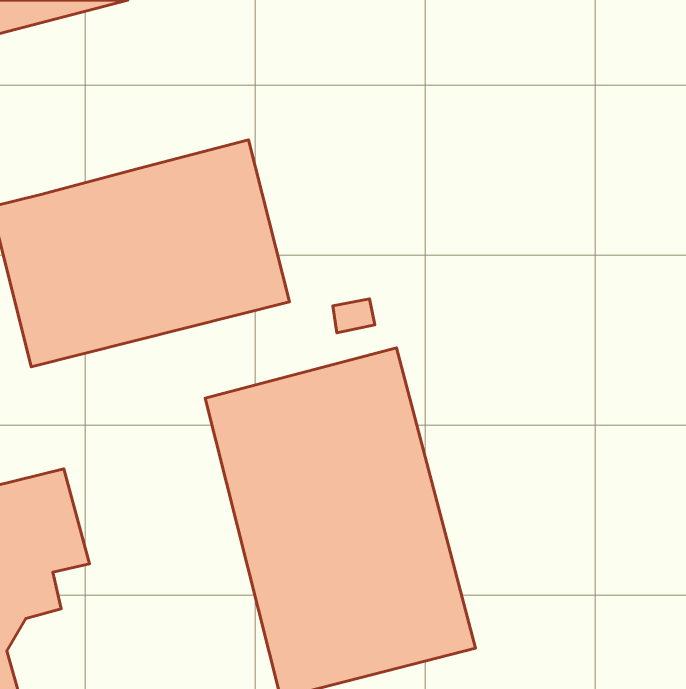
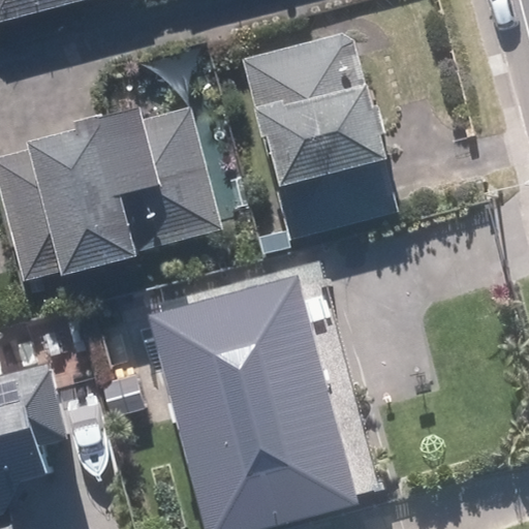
building: none -> [239,34,392,238]

